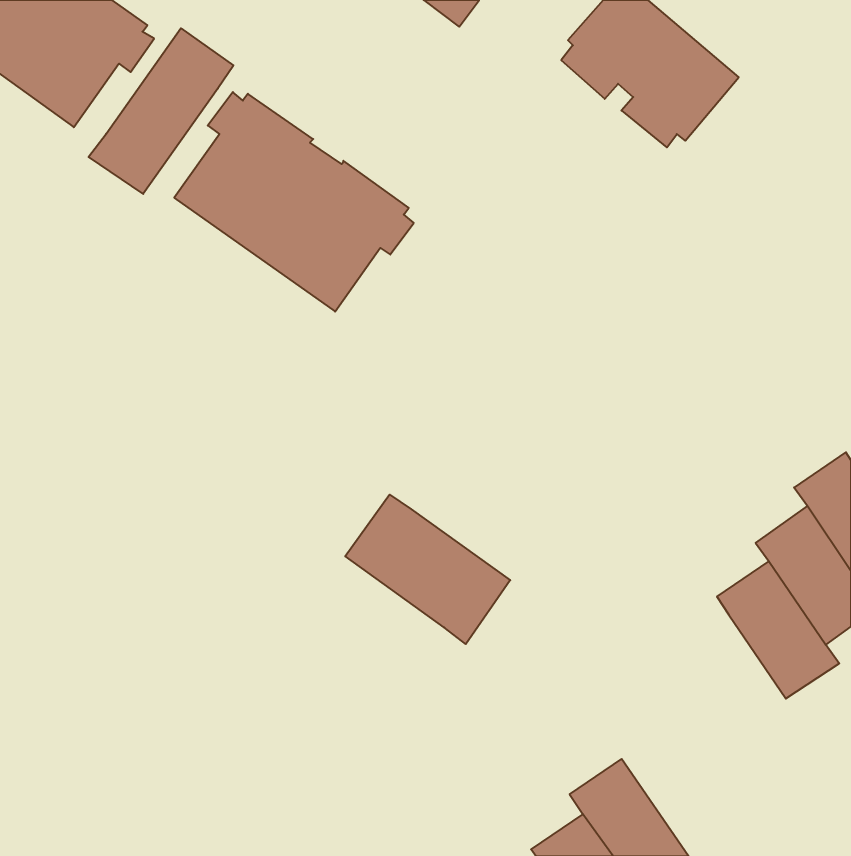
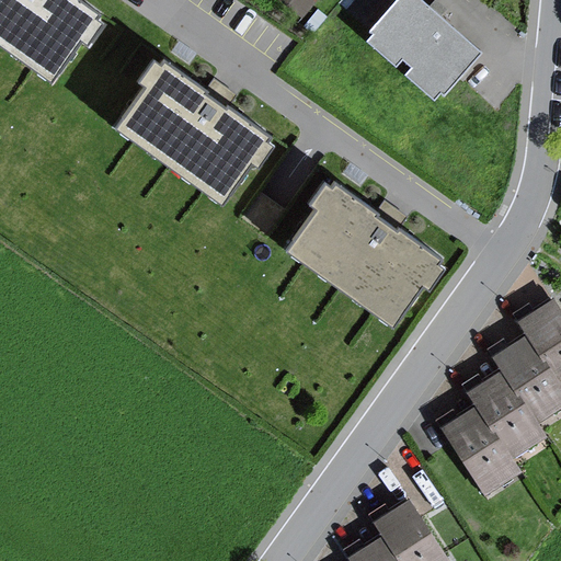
building: [89,28,233,194] -> none
building: none -> [285,183,442,327]
building: [345,495,510,644] -> none
building: none -> [442,402,522,493]

